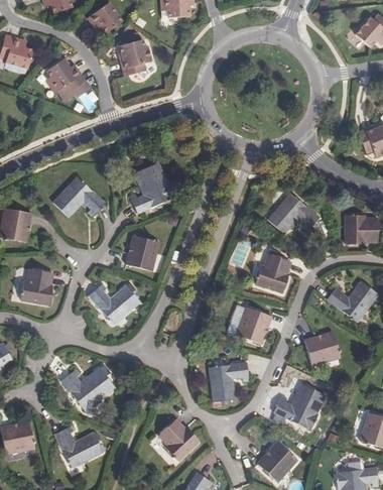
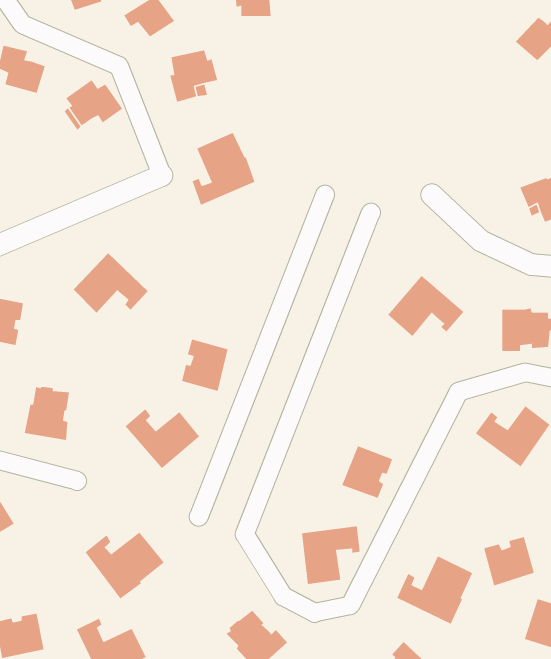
building: [131,162,174,213] -> [192,132,255,206]
building: [255,253,290,293] -> none
building: [304,331,340,365] -> [483,536,535,586]

